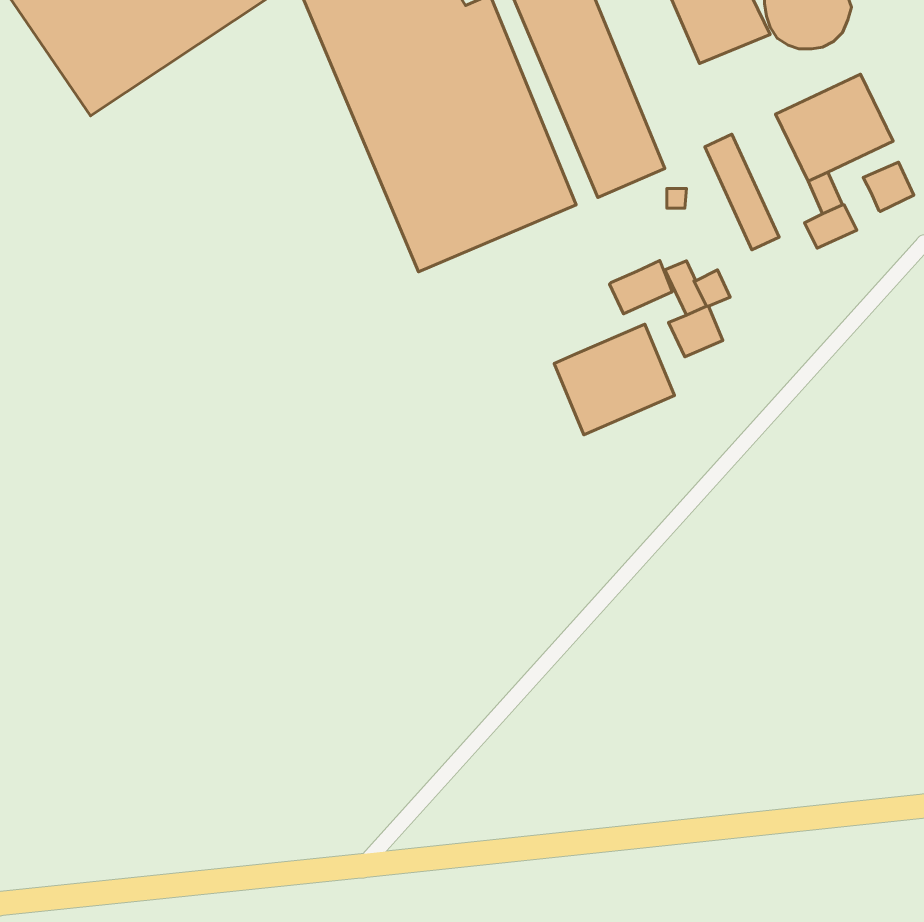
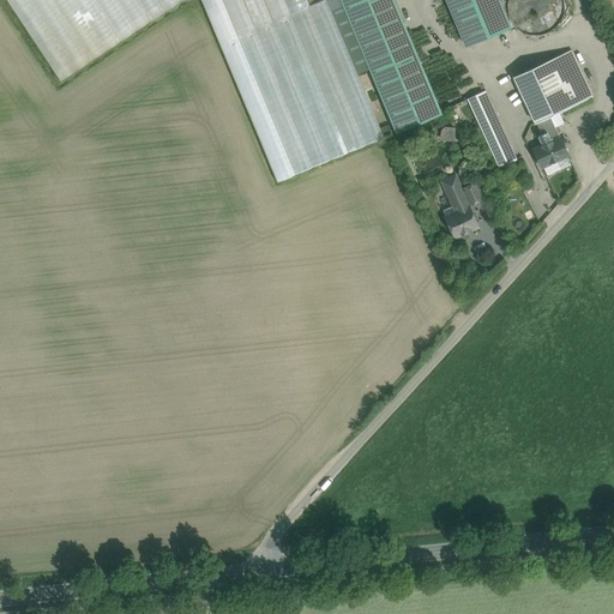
building: [863,162,914,212] -> none
building: [610,261,672,314] -> none
building: [554,324,675,435] -> none

